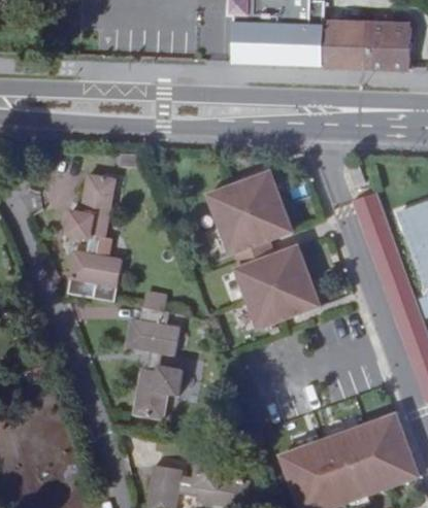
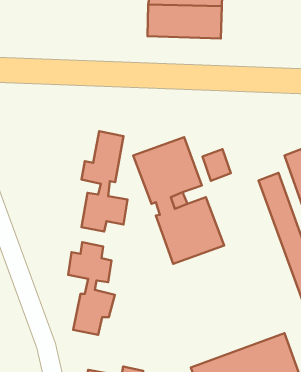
building: [317,14,407,56] -> none
building: [65,172,122,296] -> [82,131,128,231]
building: [353,191,388,230] -> [202,149,231,181]

